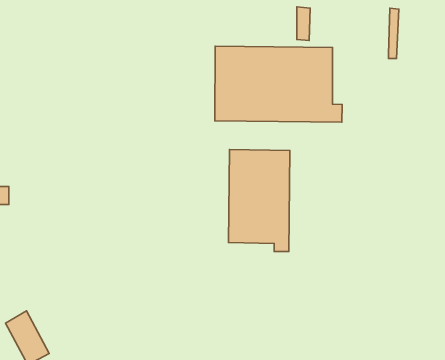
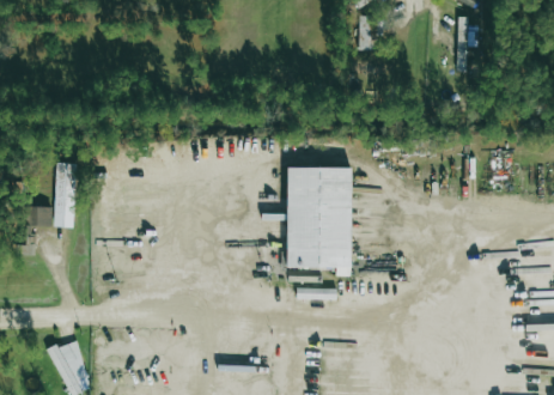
building: [215,46,342,122] -> none
building: none -> [54,163,75,226]

